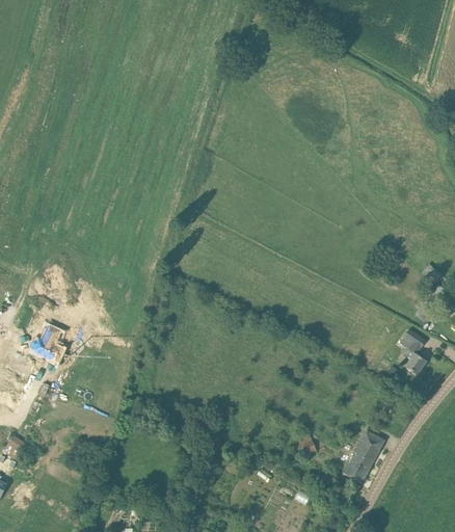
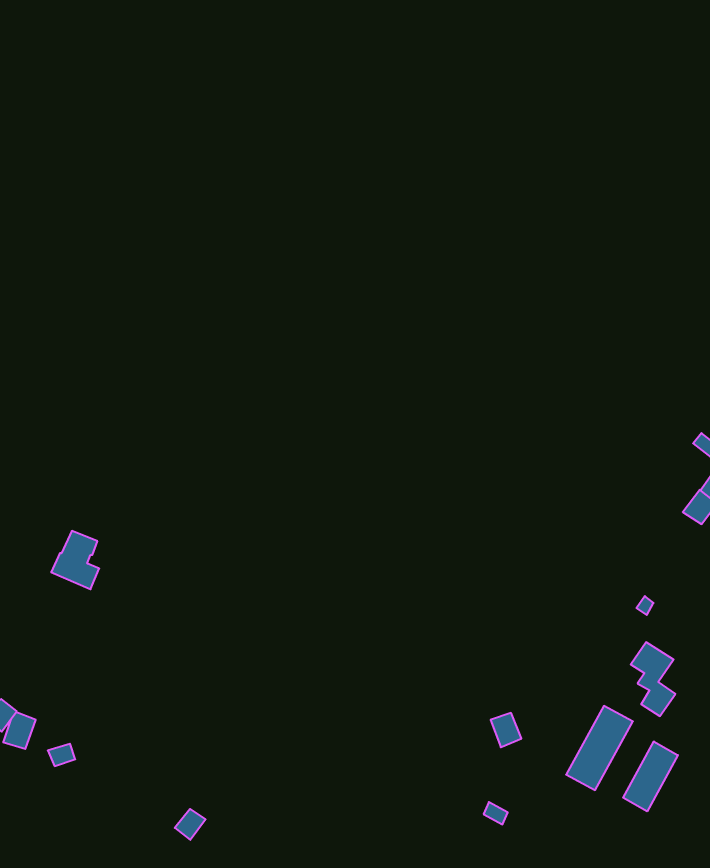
building: [399,328,426,373] -> [631,642,675,716]
building: none -> [623,741,678,811]

